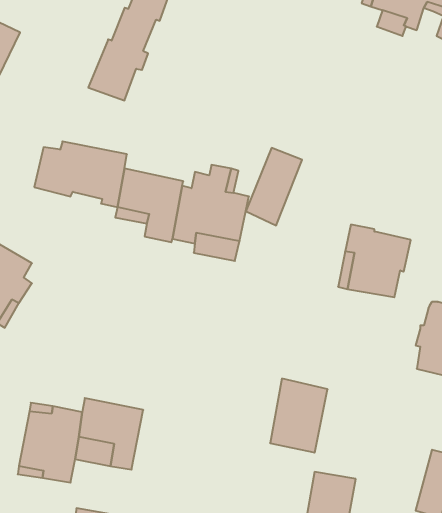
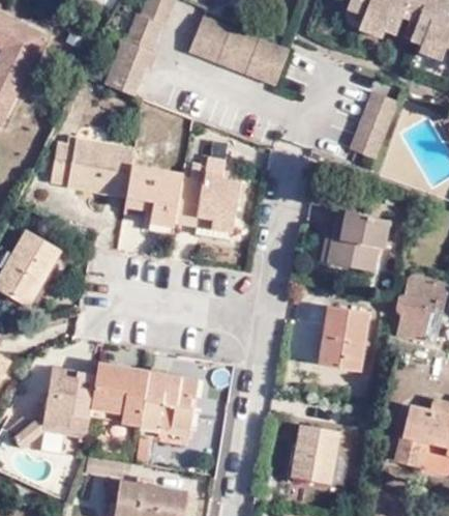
building: none -> [189,18,289,87]
building: [246,148,302,225] -> [348,92,397,161]
building: [270,379,328,453] -> [322,308,372,373]
building: none -> [142,371,200,431]

